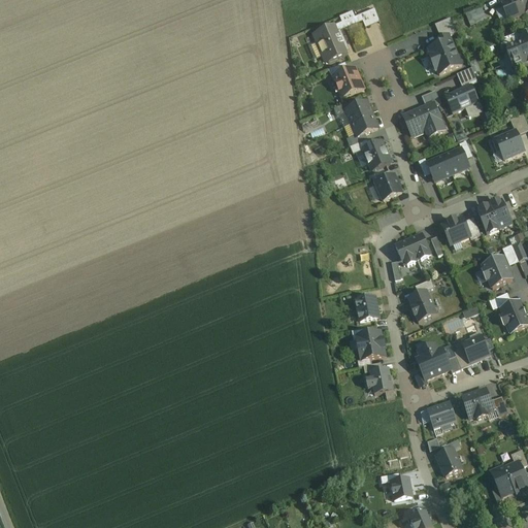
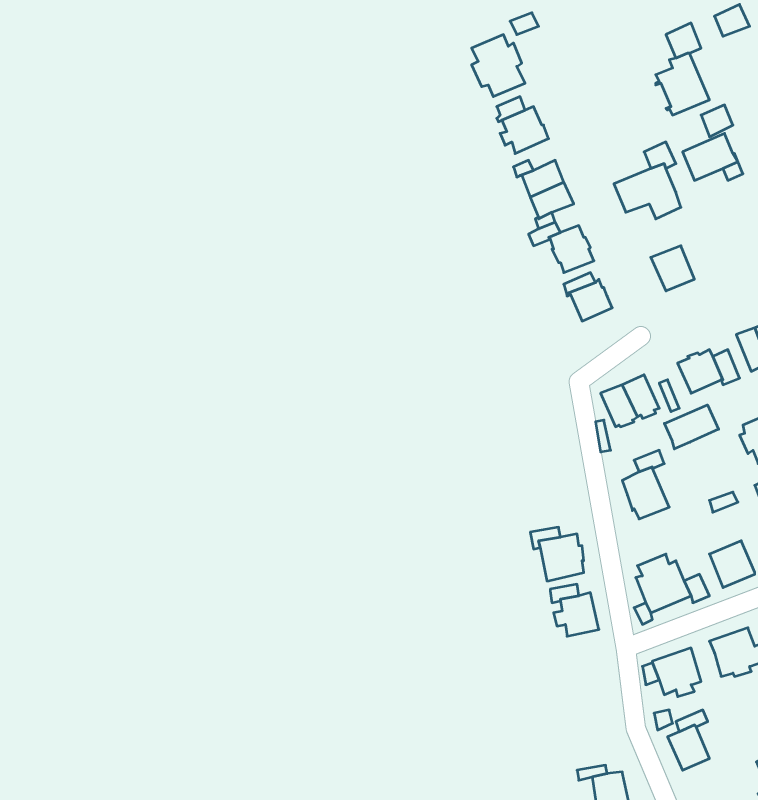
building: [443,145,469,173] -> none
building: none -> [664,405,719,449]
building: [355,295,378,321] -> none

